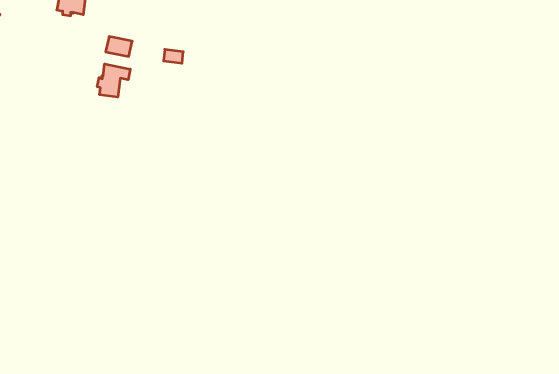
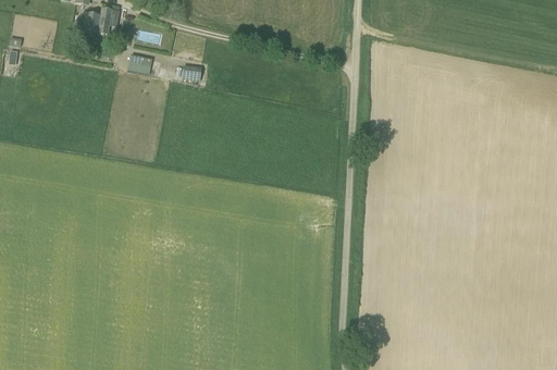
building: [97,64,130,97] -> none

